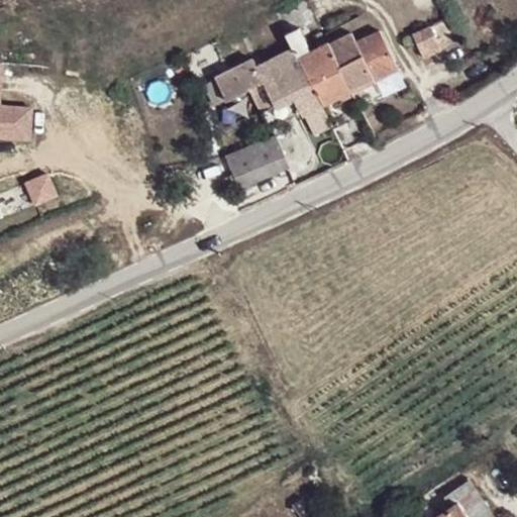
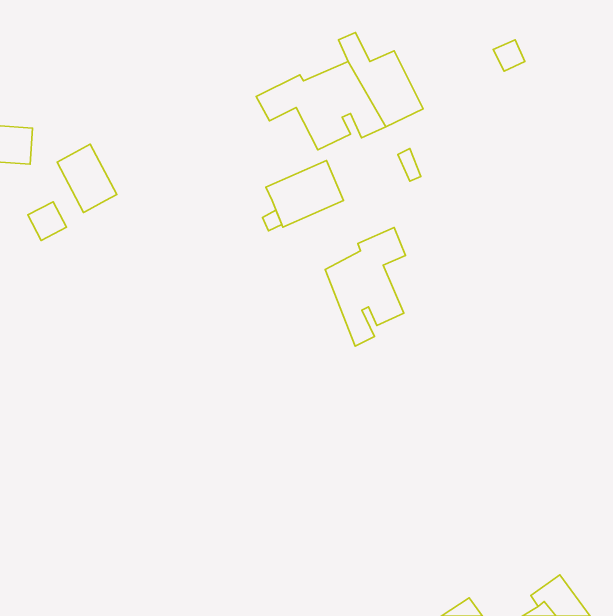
building: [329,31,398,91] -> none
building: none -> [57,144,117,213]
building: none -> [325,227,405,346]

